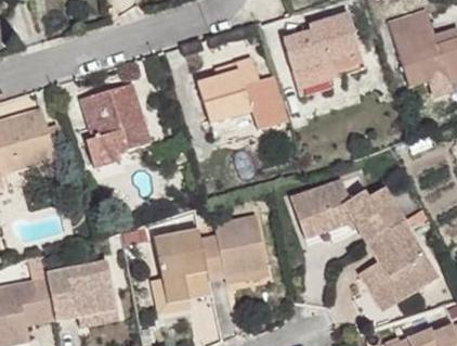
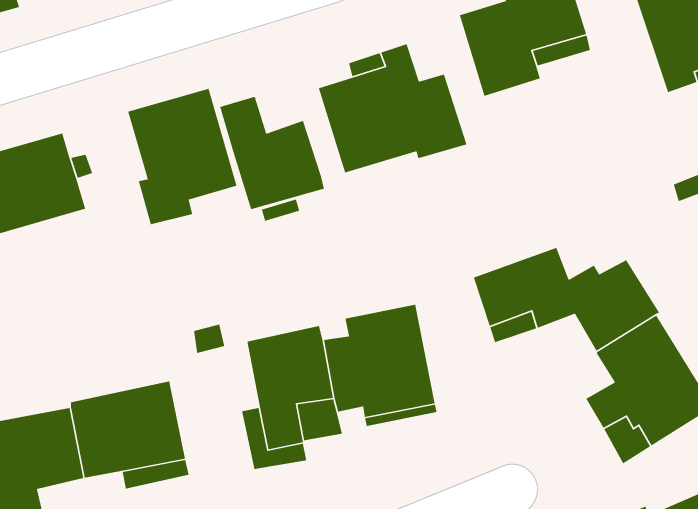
building: none -> [219,96,325,210]

